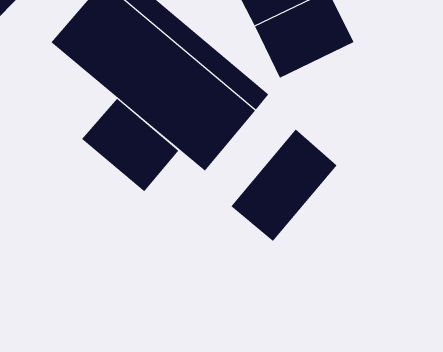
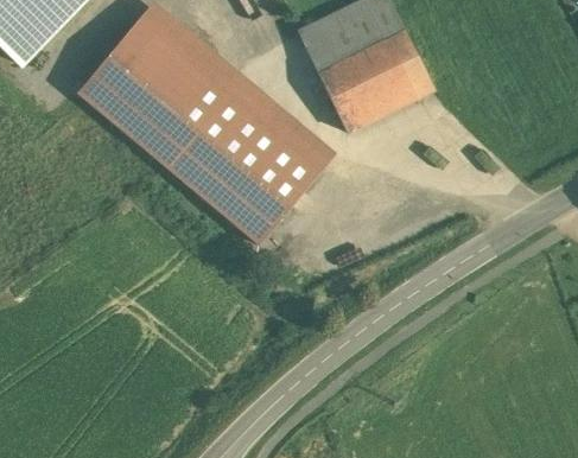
building: [81,98,179,192] -> none
building: [230,129,338,242] -> none

